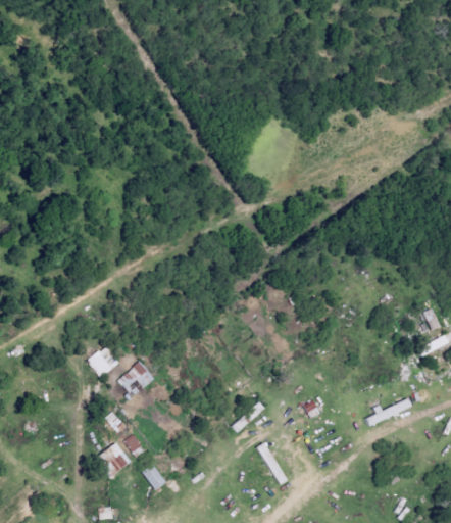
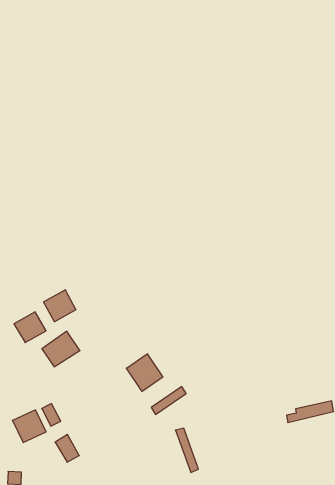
building: none -> [44,290,76,322]
building: none -> [126,354,163,391]

